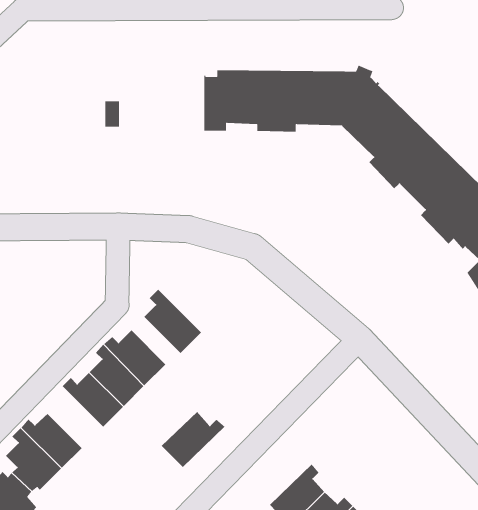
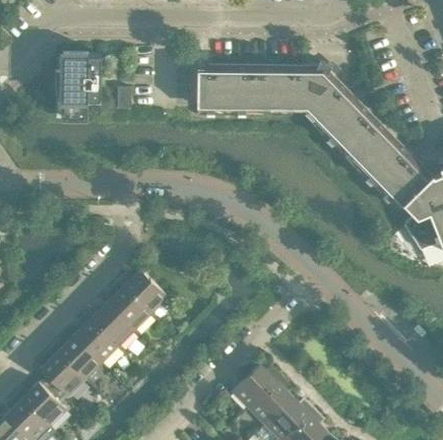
building: none -> [55,51,100,120]
building: [144,289,202,354] -> none
building: none -> [73,314,117,363]
building: [161,411,225,468] -> [231,363,281,407]

